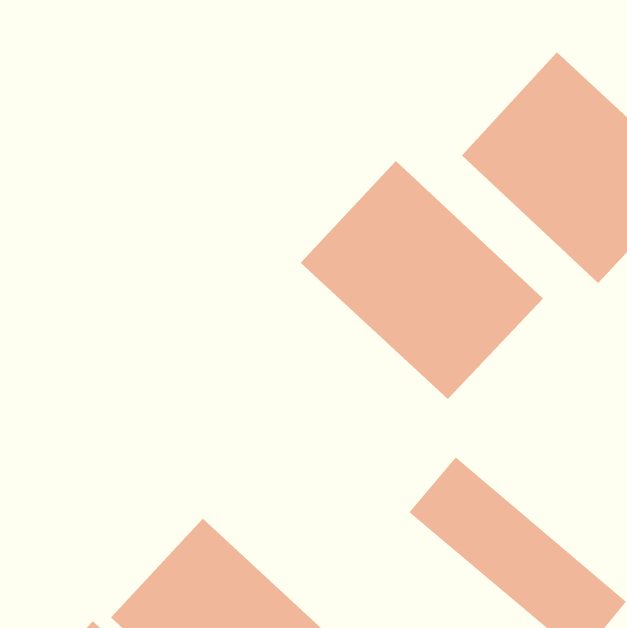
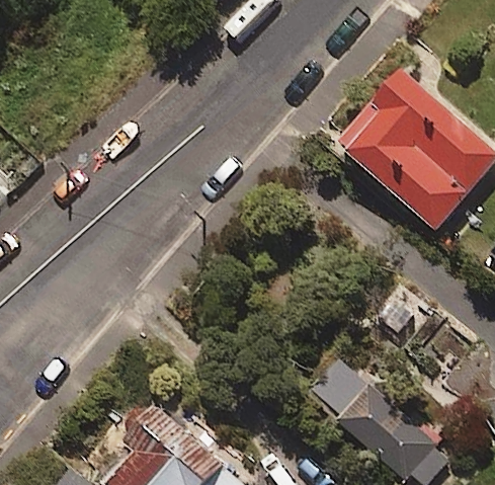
building: [300,160,544,400] -> none

